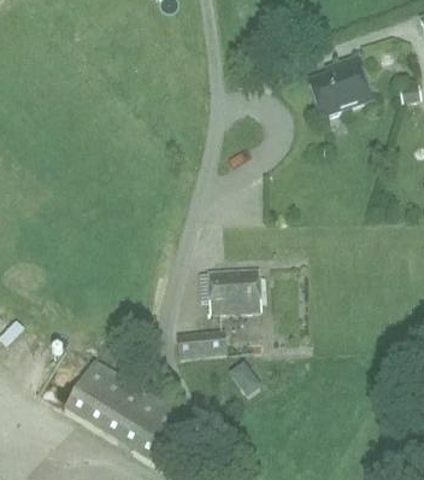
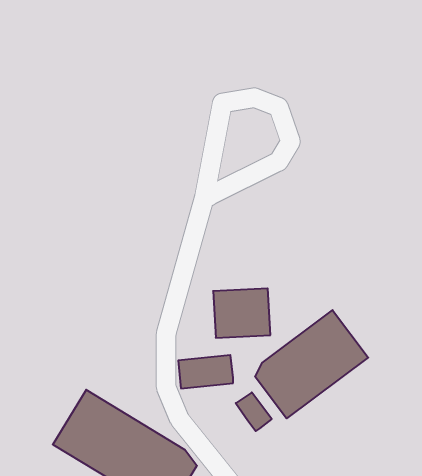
building: [306,54,369,116] -> none
building: none -> [255,310,368,418]

